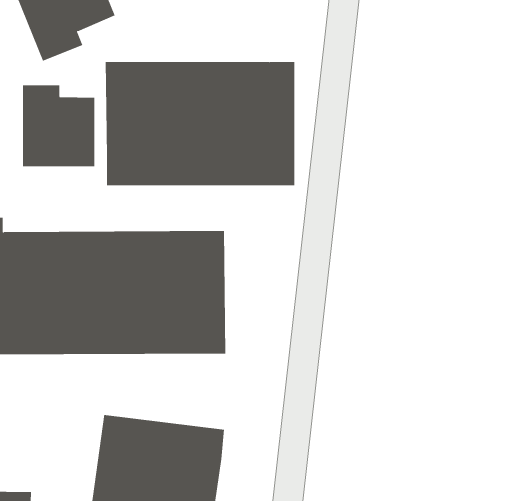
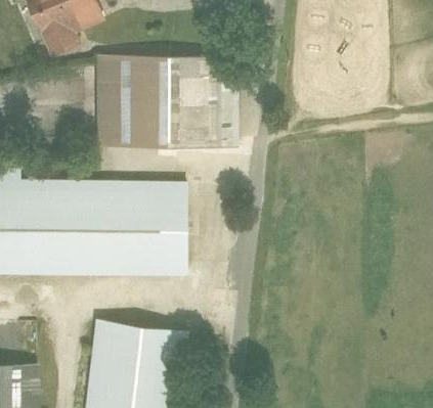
building: [22,85,95,167] -> none

